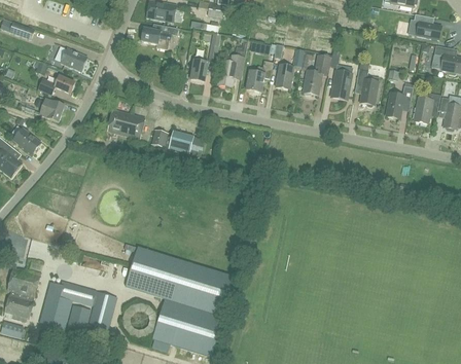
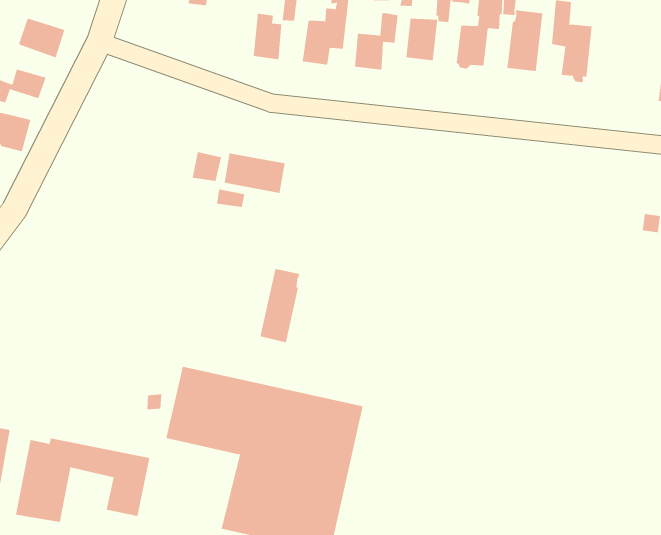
building: [385,85,412,117] -> none
building: [106,108,144,139] -> none
building: none -> [260,268,300,343]
building: [66,303,90,330] -> none

